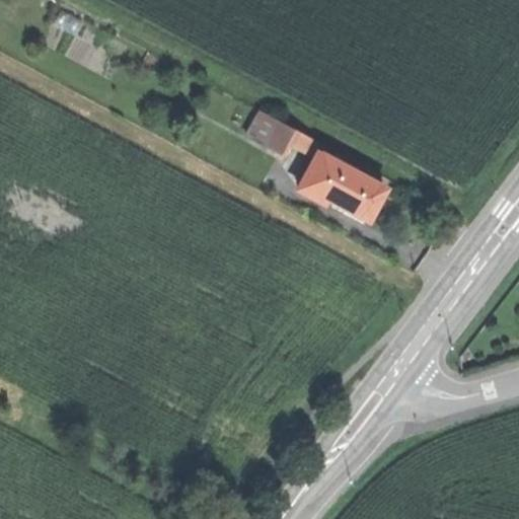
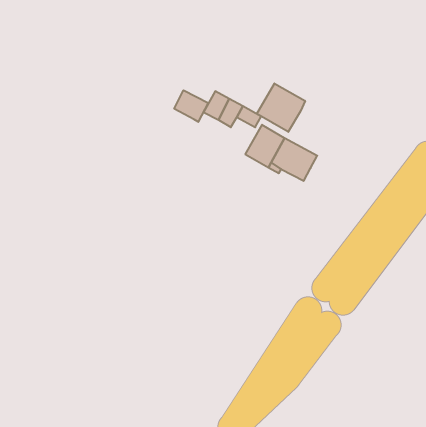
building: none -> [257,83,305,132]
building: none -> [174,90,208,122]

